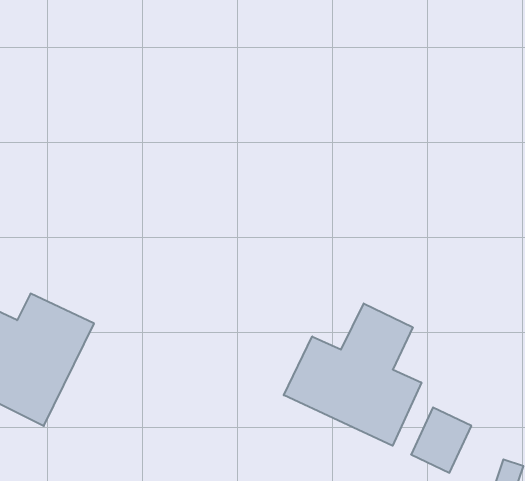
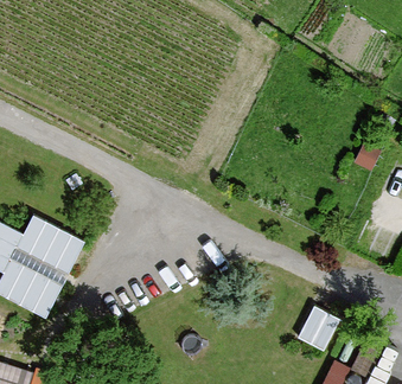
building: [284,303,421,446] -> none

